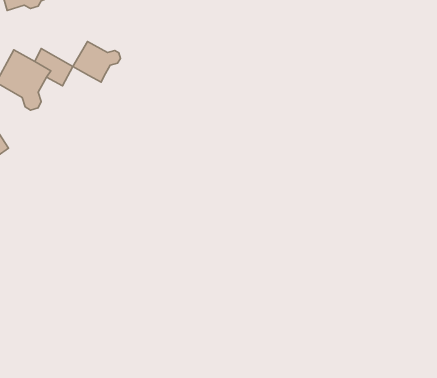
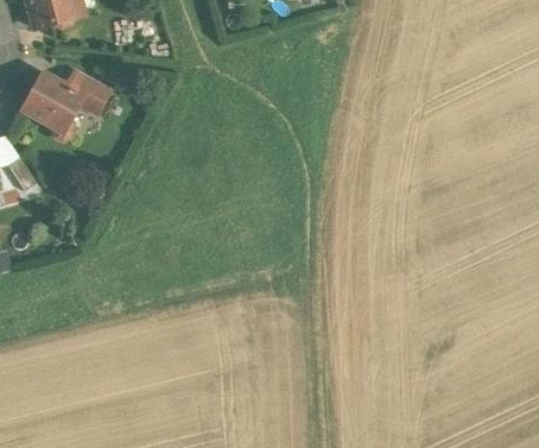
building: [73,41,120,82] -> none

